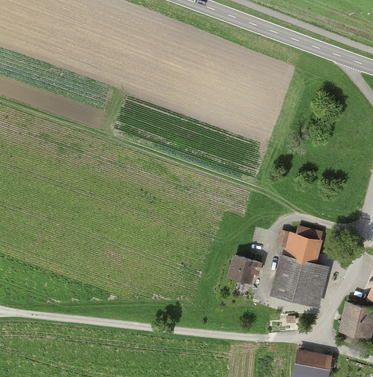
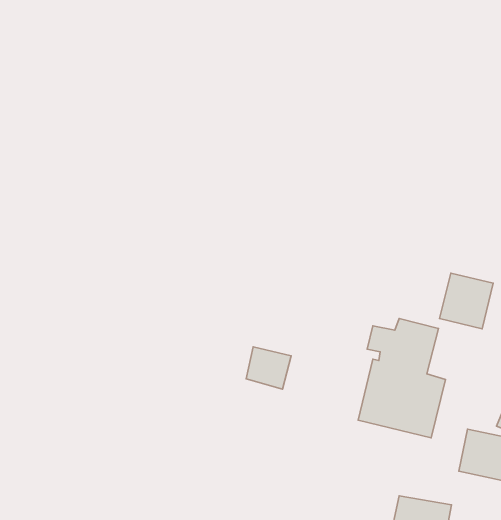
building: none -> [440,273,493,329]
building: [227,256,258,285] -> [246,347,291,389]

